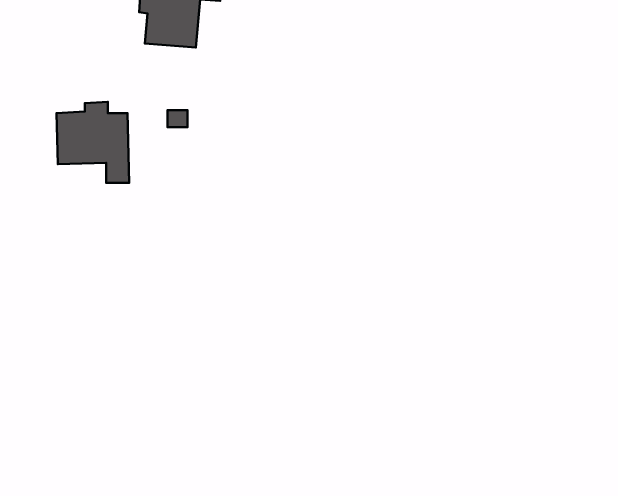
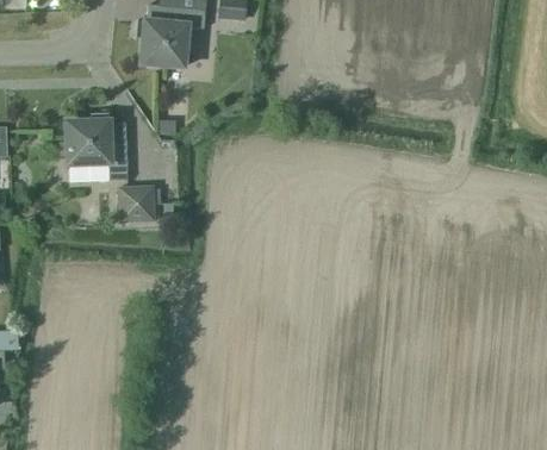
building: none -> [117,186,155,224]

